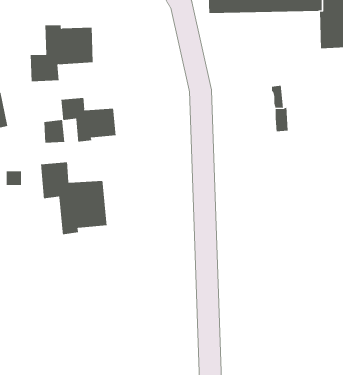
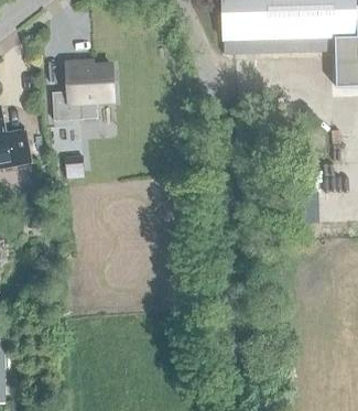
building: [61,97,116,143] -> none
building: [40,161,107,235] -> none

